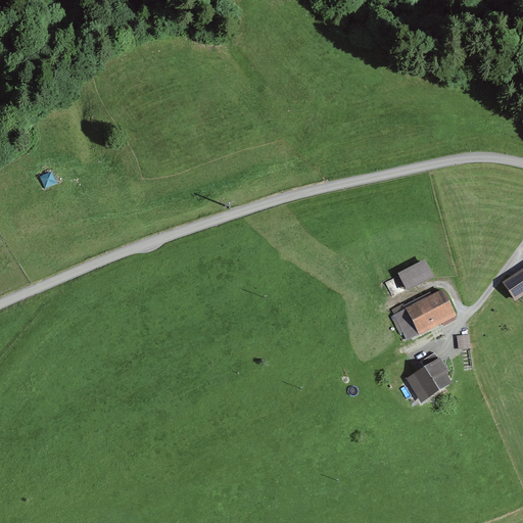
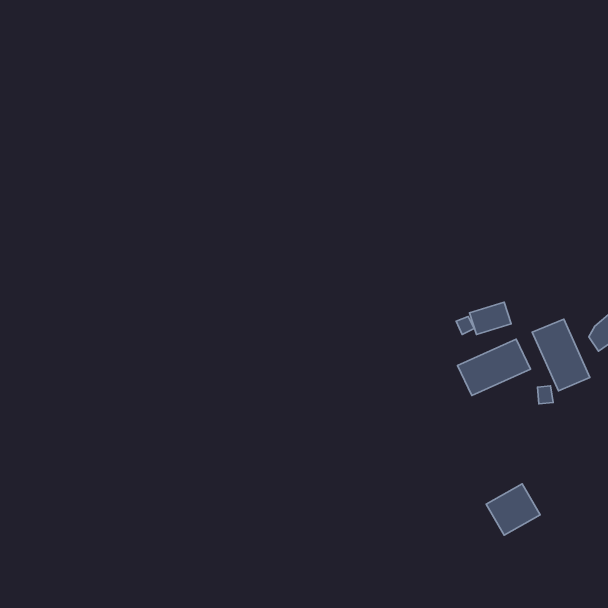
building: none -> [532,319,590,391]
building: [403,359,449,402] -> [486,484,540,535]

